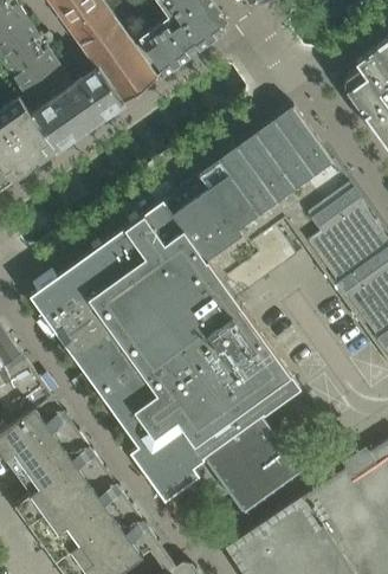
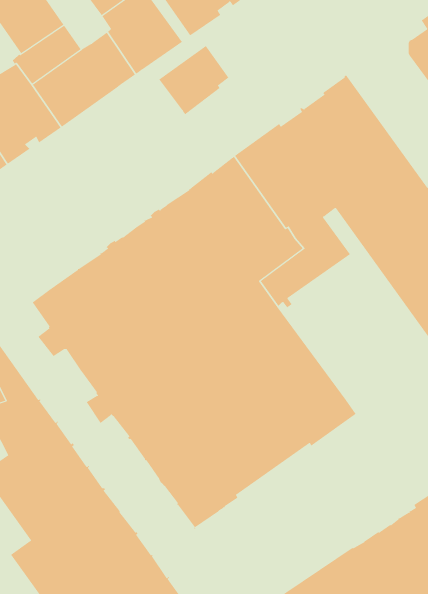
building: none -> [159,45,229,115]
building: [202,414,302,512] -> none
building: [129,450,195,508] -> none

